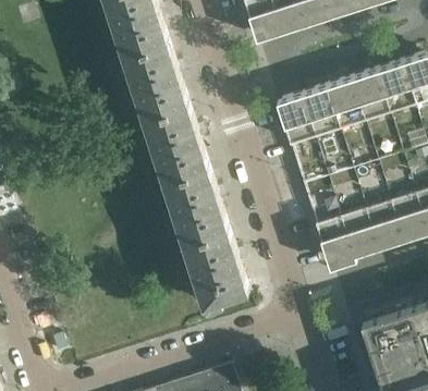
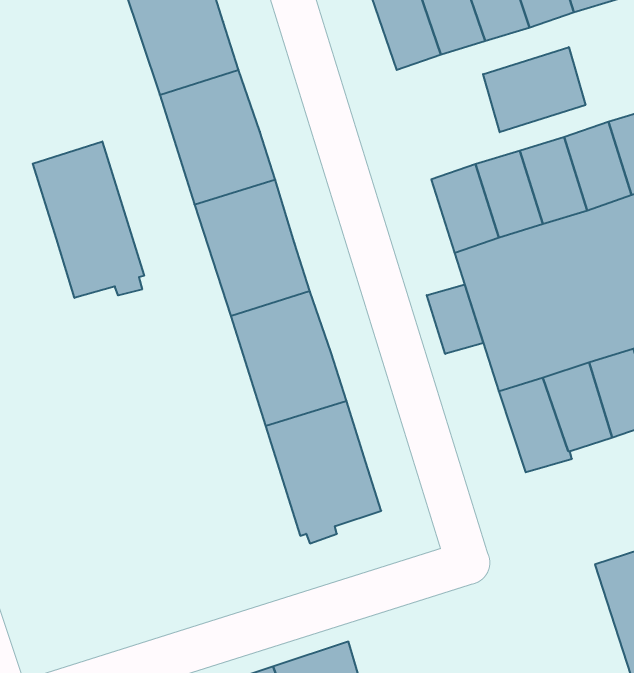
building: none -> [483,47,585,132]
building: none -> [33,141,144,298]
building: none -> [427,284,483,354]

